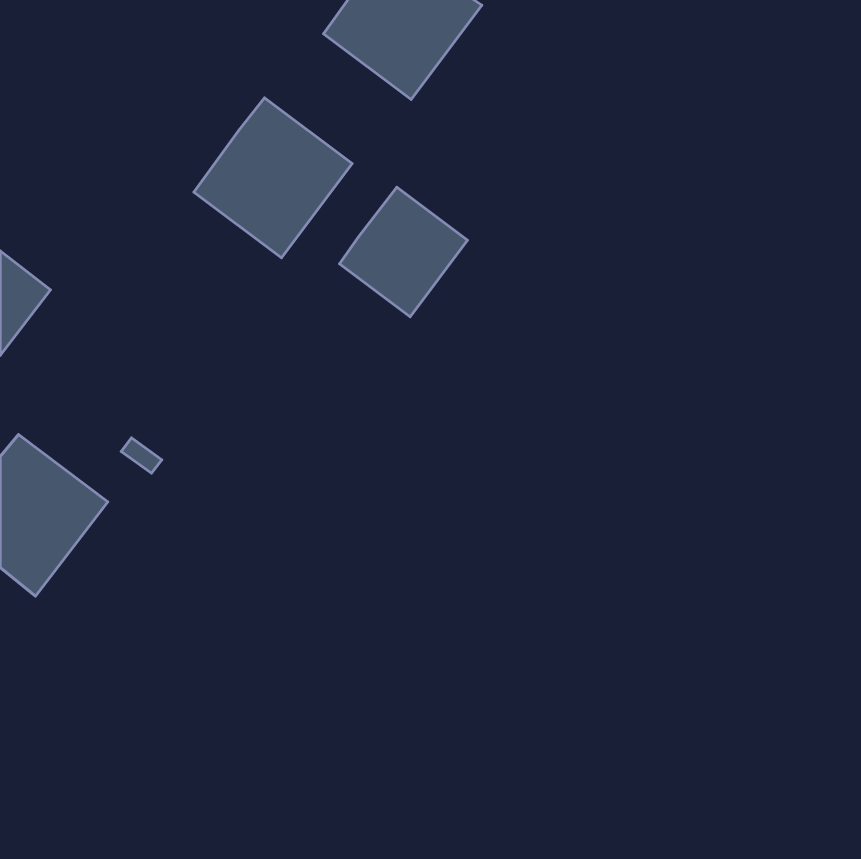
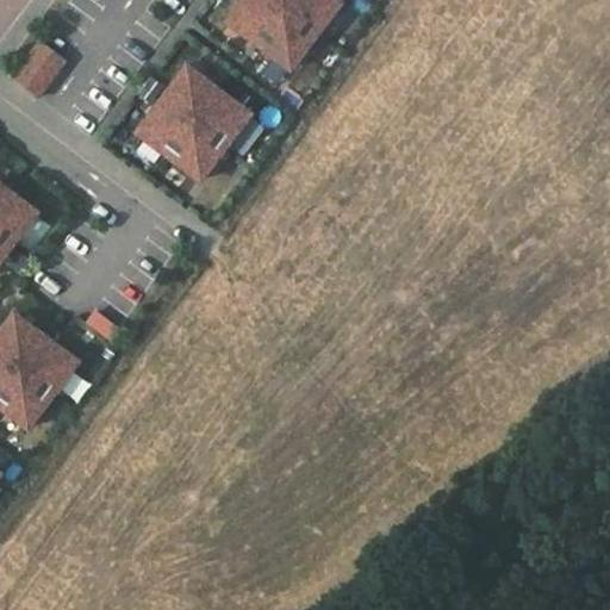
building: none -> [13,44,62,95]
building: [339,187,468,317] -> none

